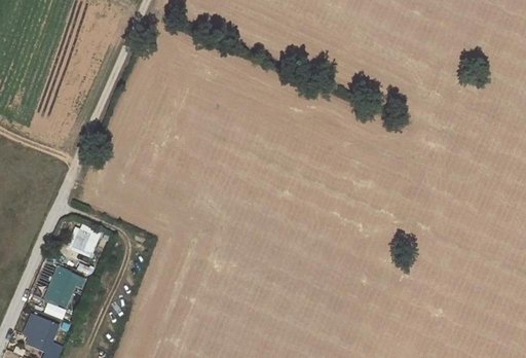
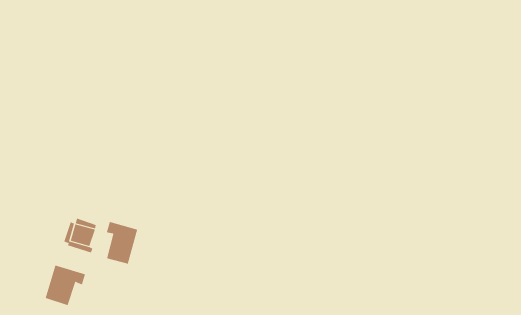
building: none -> [106,221,138,264]

